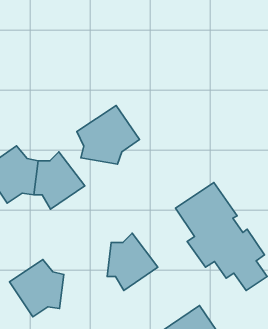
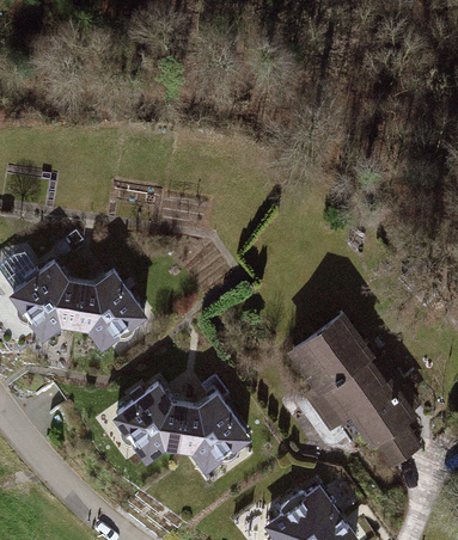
building: [77,105,140,164] -> none
building: [10,259,64,317] -> [114,378,191,460]

